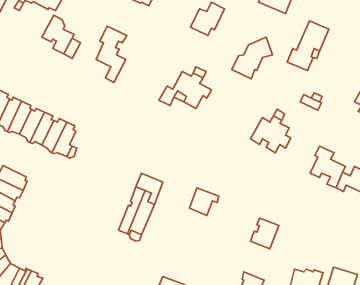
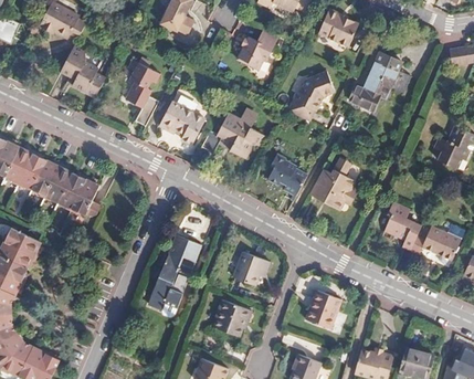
building: none -> [162,99,206,143]
building: none -> [264,155,305,196]
building: none -> [212,298,250,335]

